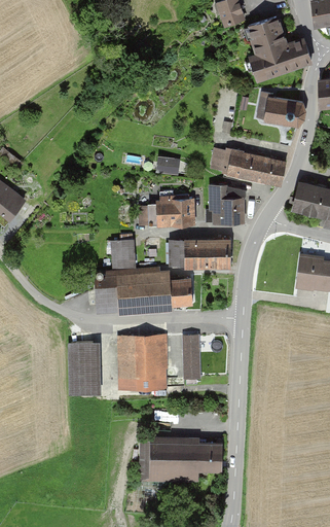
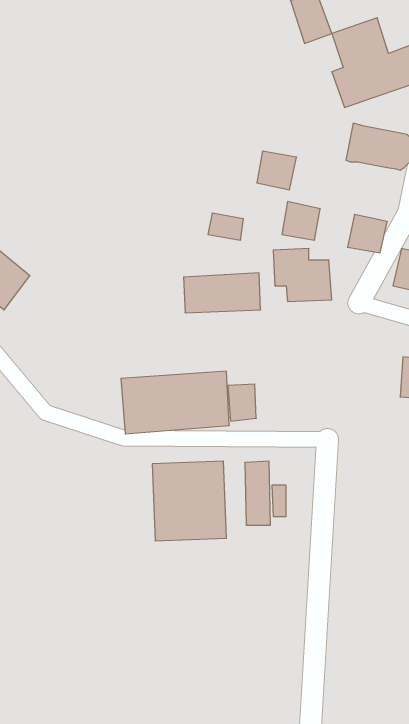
building: [233,152,262,180] -> [257,151,297,190]
building: [112,236,137,266] -> none
building: [168,237,230,267] -> none
building: [69,344,101,394] -> none
building: [148,436,224,481] -> none

